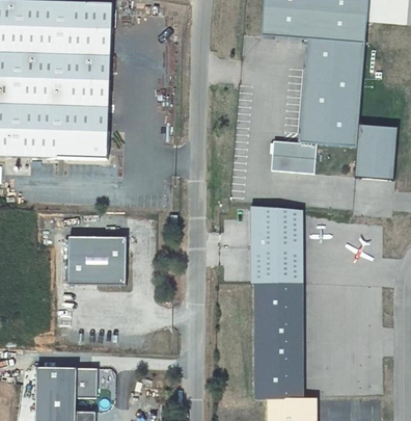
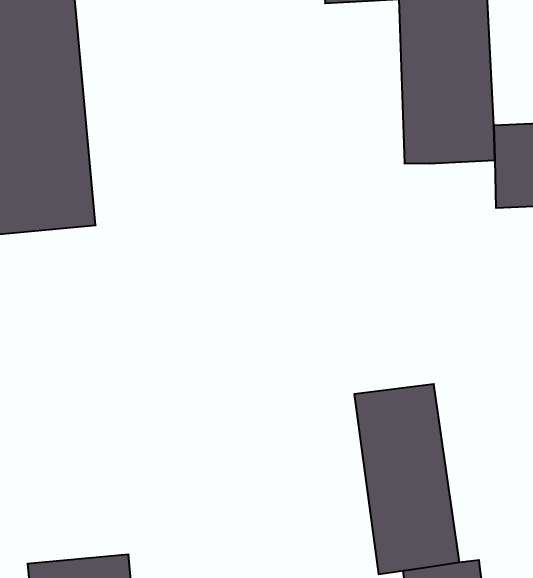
building: [271,139,318,173] -> none
building: [252,206,304,283] -> none
building: [66,237,124,282] -> none

